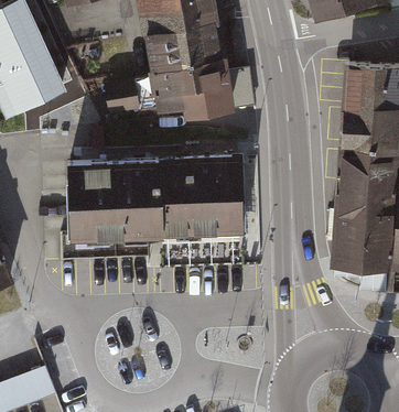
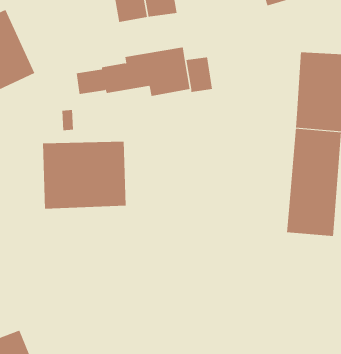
building: [152,25,223,73] -> none
building: [159,161,240,235] -> none

